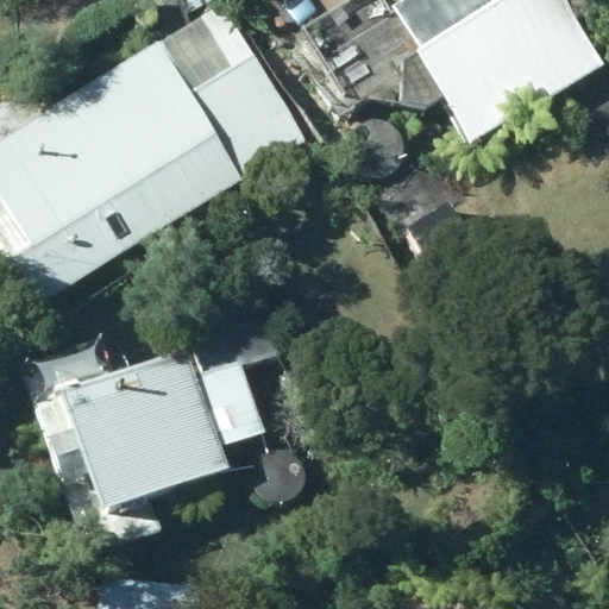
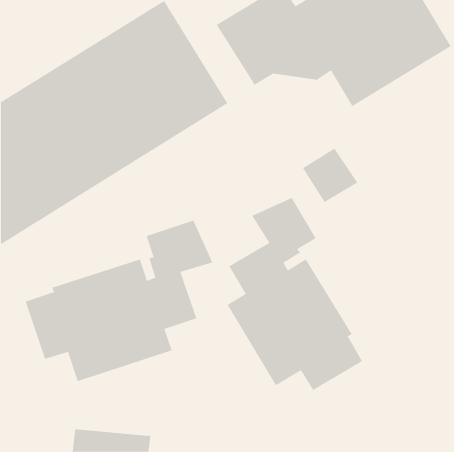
building: none -> [227,197,363,391]

